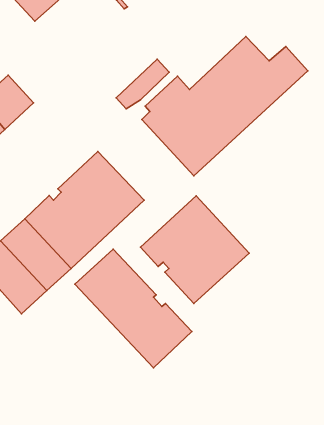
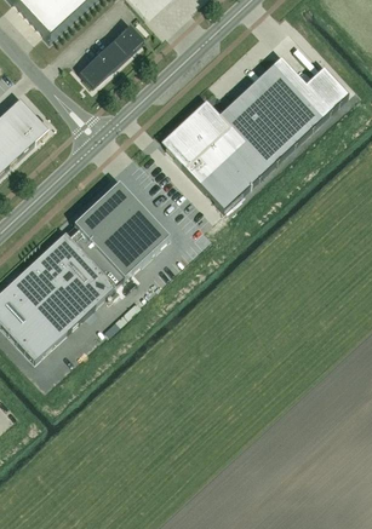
building: [116,59,169,109] -> [84,24,142,79]
building: [141,196,249,303] -> none
building: [75,249,192,368] -> none

